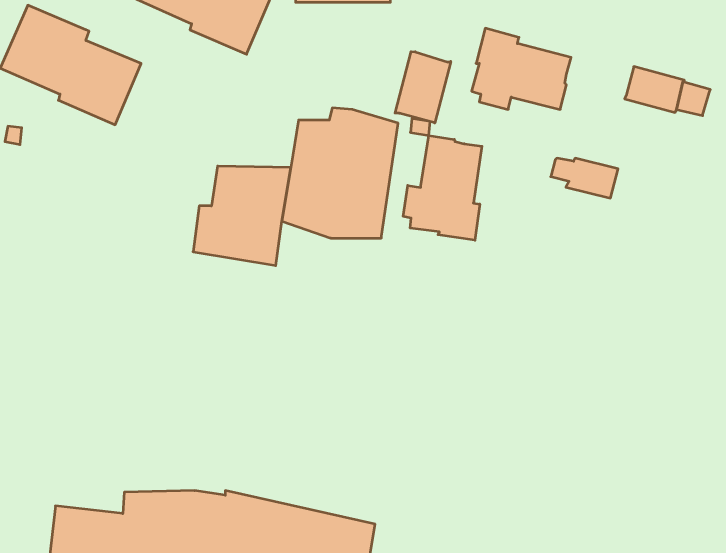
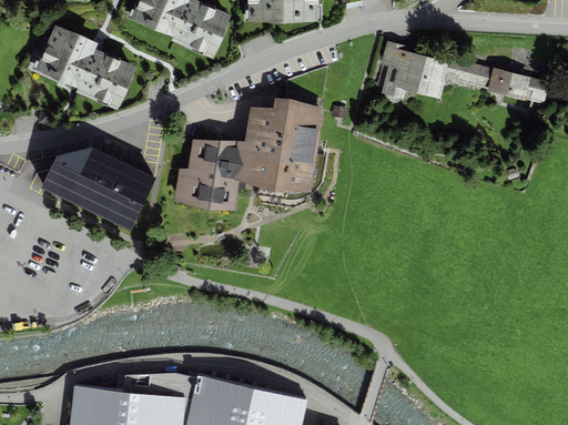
building: [395,52,451,123] -> none
building: [403,135,482,240] -> none
building: [551,158,618,198] -> [445,60,494,89]
building: none -> [41,148,156,231]

